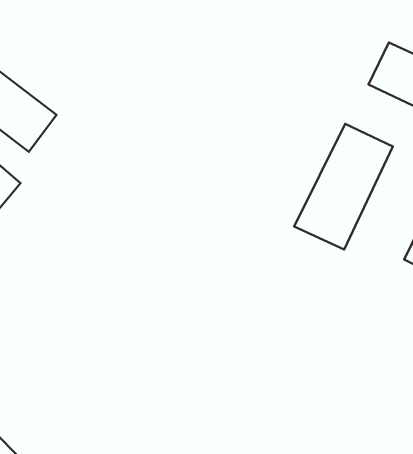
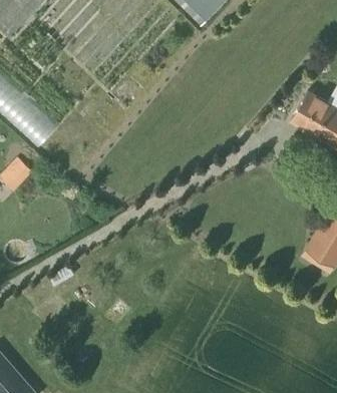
building: [294,124,393,250] -> none

